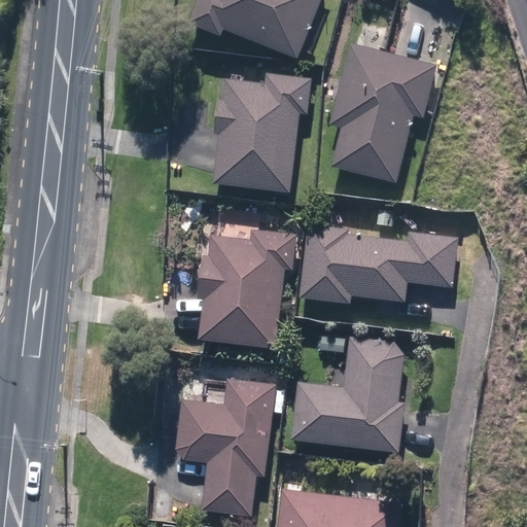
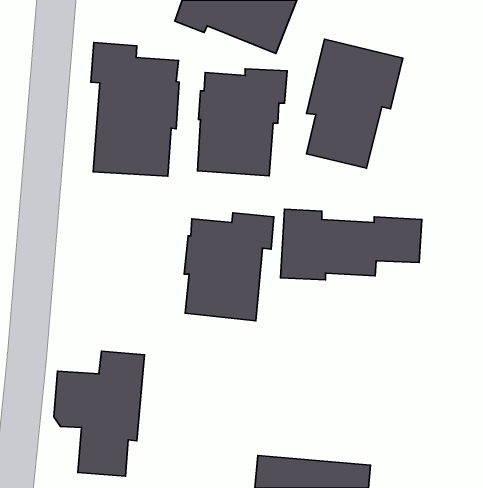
building: none -> [91,43,179,176]
building: [291,341,402,449] -> none
building: [176,379,274,514] -> [54,351,145,476]

